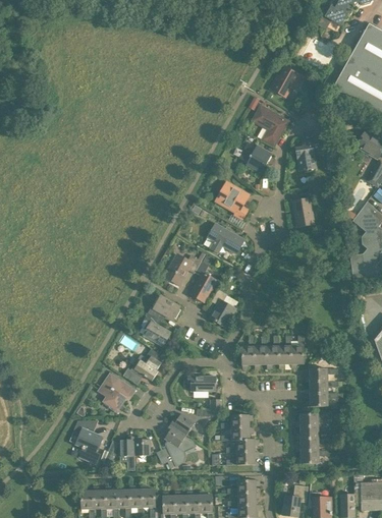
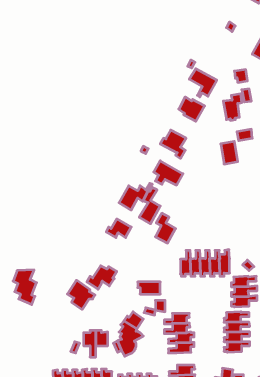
building: [270,66,302,96] -> none
building: [140,311,171,345] -> none
building: [72,419,102,463] -> [13,270,37,305]

